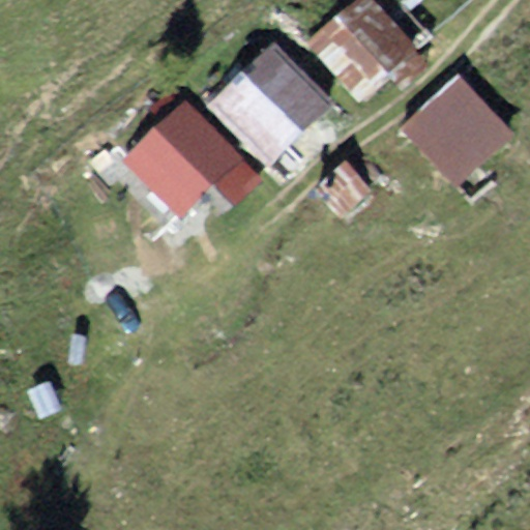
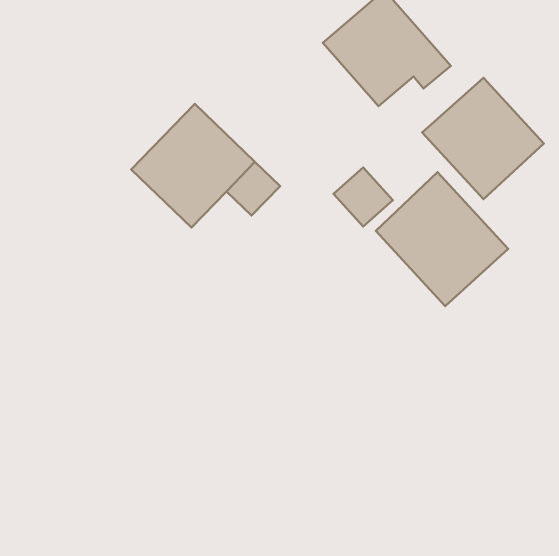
building: [209,40,332,164] -> none
building: none -> [376,172,508,306]

